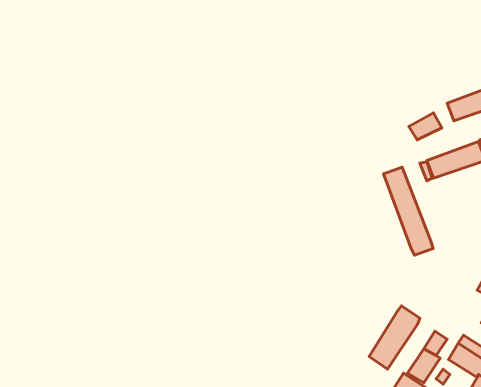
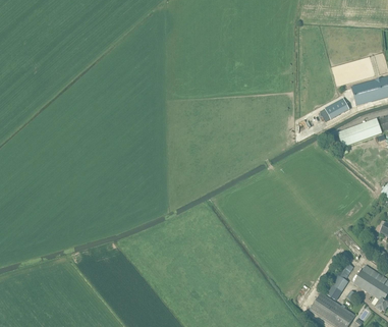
building: [384,167,433,255] -> none
building: [369,306,420,369] -> none

